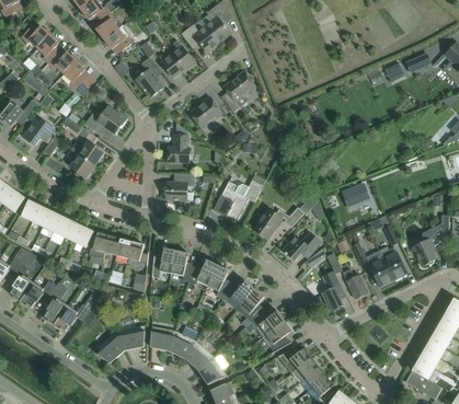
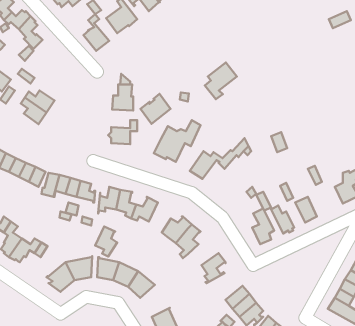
building: [220,71,255,112] -> [205,63,237,99]
building: [188,96,221,129] -> [141,94,170,124]
building: [84,107,127,135] -> none
building: [282,232,321,261] -> none
building: [378,245,406,280] -> none
building: [207,265,231,298] -> [95,227,117,256]
building: [250,310,284,337] -> none
building: [277,347,310,373] -> none
building: [197,356,227,385] -> none

